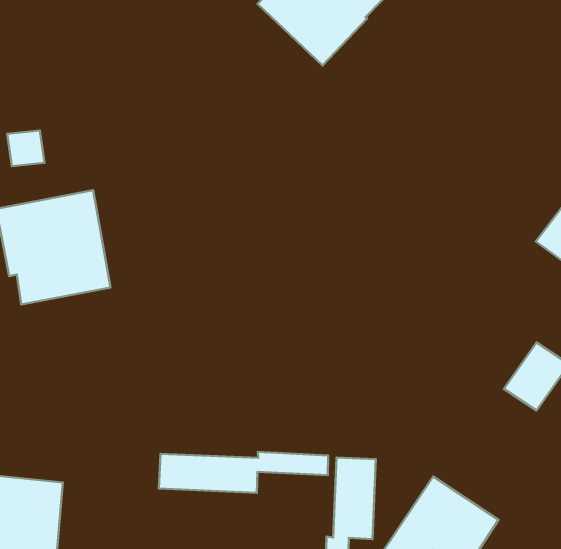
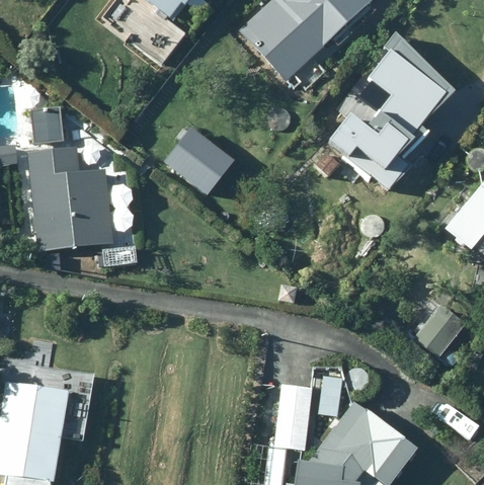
building: none -> [330,53,446,190]
building: none -> [166,134,234,198]
building: [159,452,328,493] -> none

